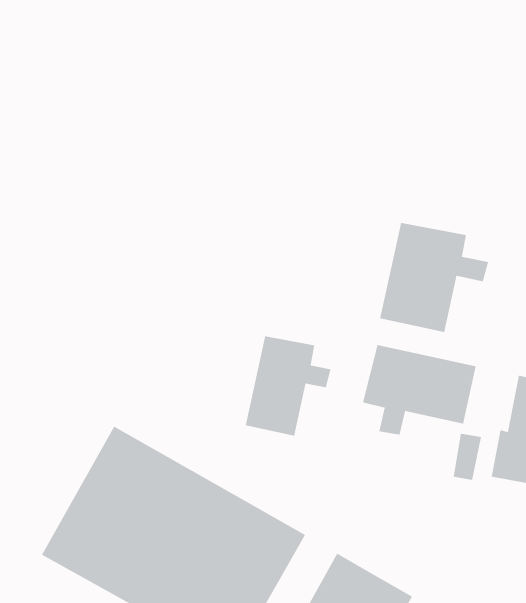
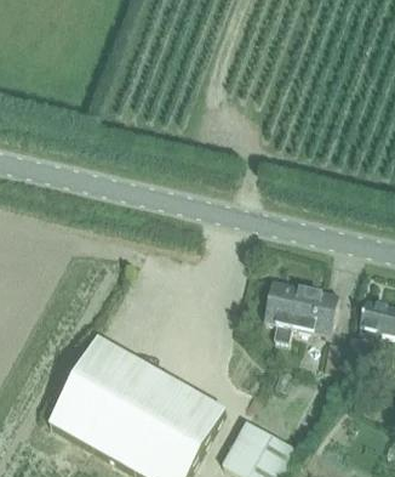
building: [380,222,489,333] -> none
building: [245,336,331,437] -> none

